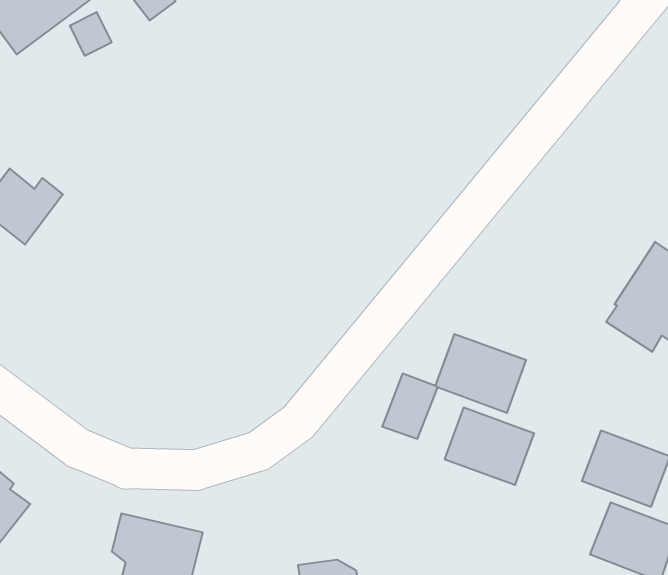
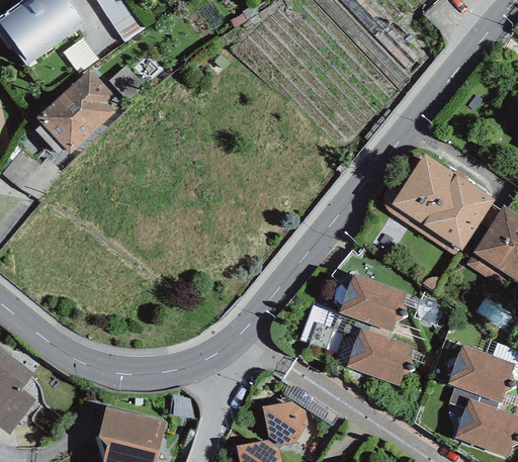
building: none -> [35,69,114,154]
building: none -> [391,153,495,251]
building: none -> [261,402,308,447]

